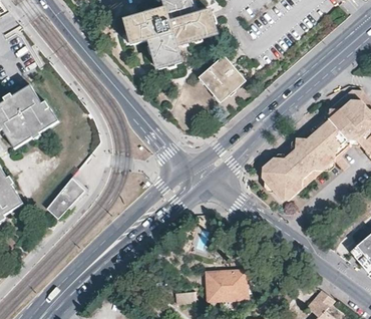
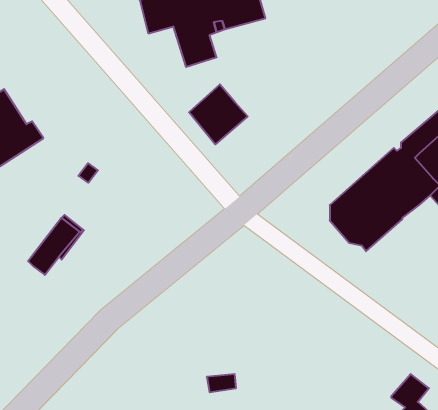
building: [202,58,244,101] -> [189,84,248,144]
building: [206,270,247,310] -> none

